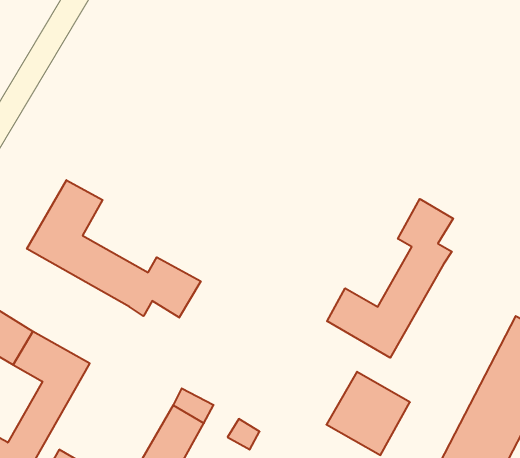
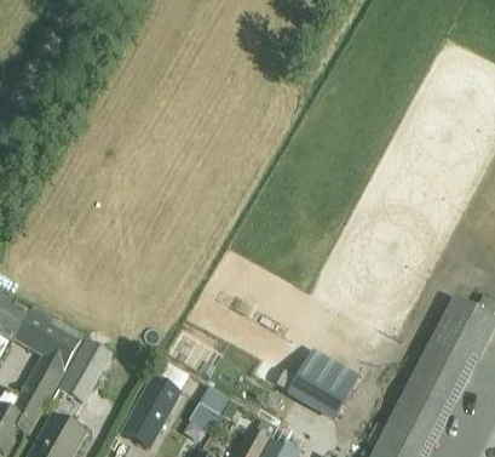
building: [27,180,201,318] -> none
building: [327,199,453,358] -> none
building: none -> [56,338,111,402]

